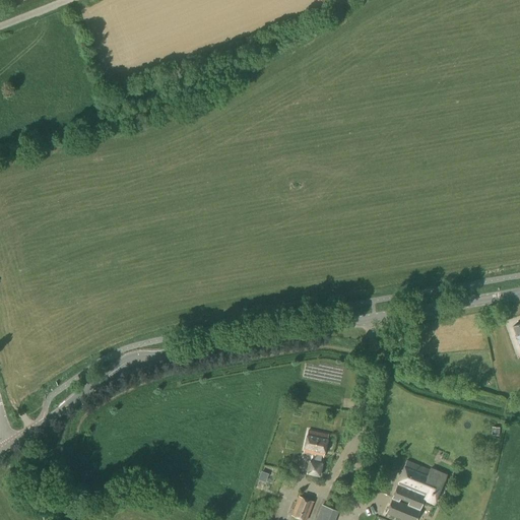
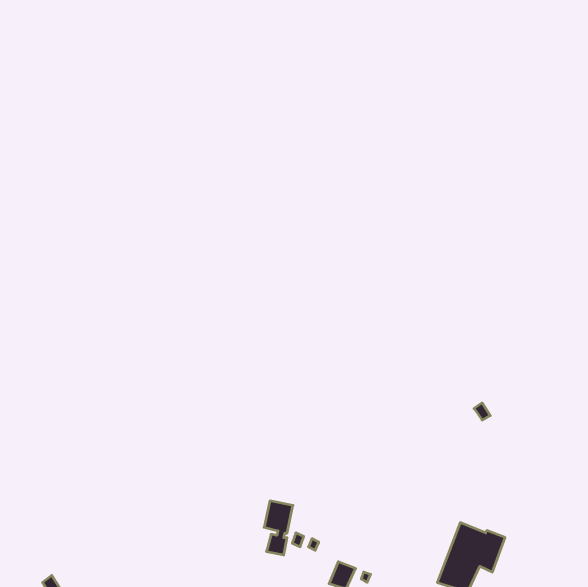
building: [303,431,328,478] -> [264,501,293,555]

